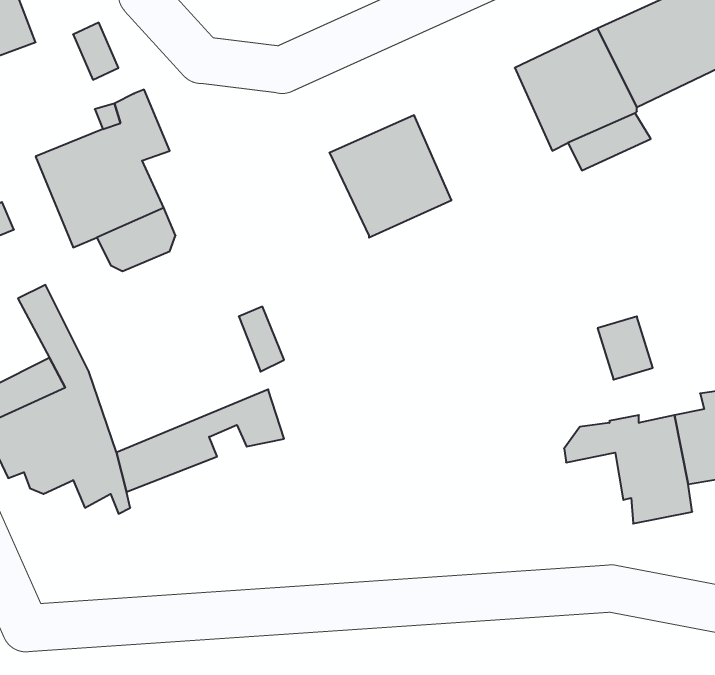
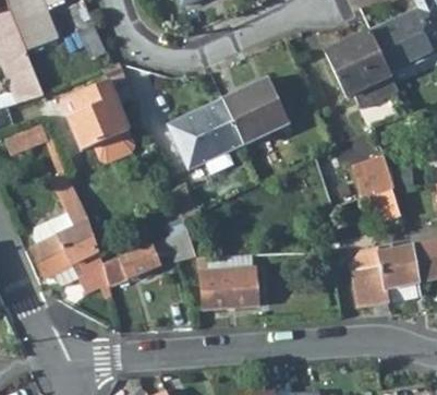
building: none -> [168,97,244,168]
building: none -> [352,154,394,197]
building: none -> [197,254,259,309]
building: none -> [351,263,390,306]

